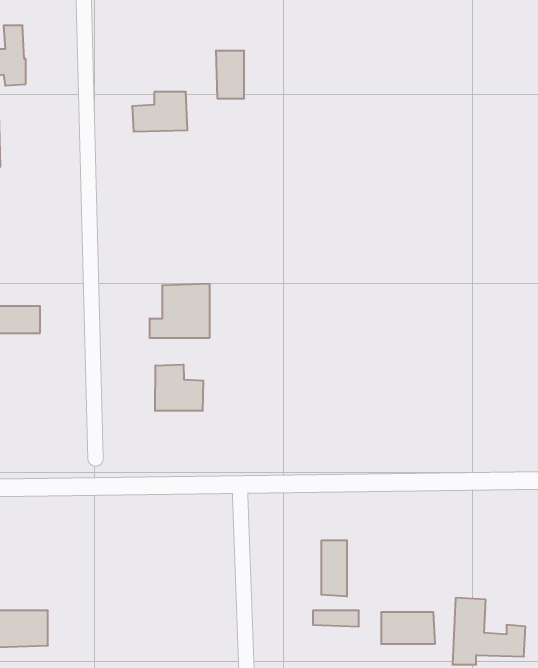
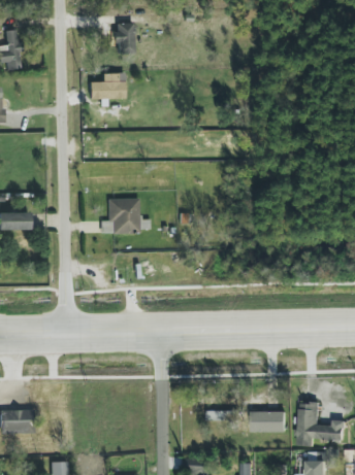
building: [216,51,244,98] -> [116,23,134,54]
building: [155,364,203,411] -> none
building: [322,540,347,597] -> none

